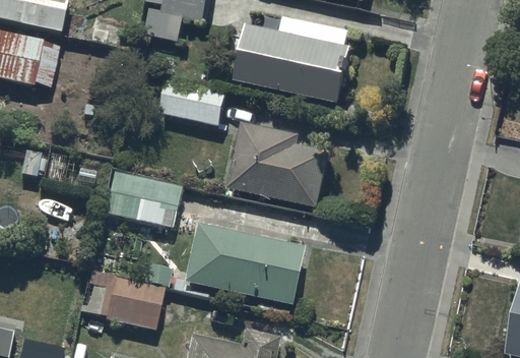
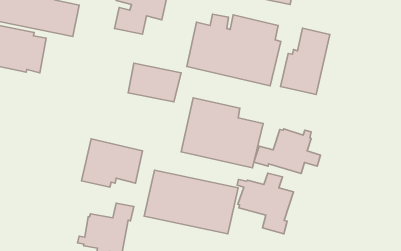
building: none -> [281,28,330,95]
building: none -> [254,129,320,174]
building: none -> [237,173,293,234]

